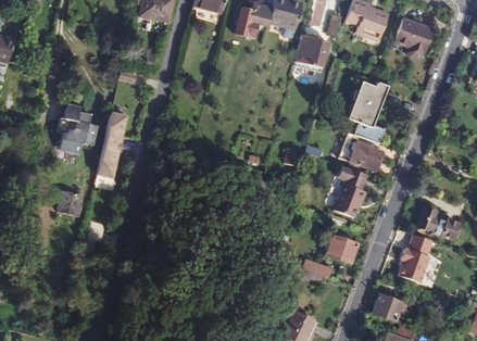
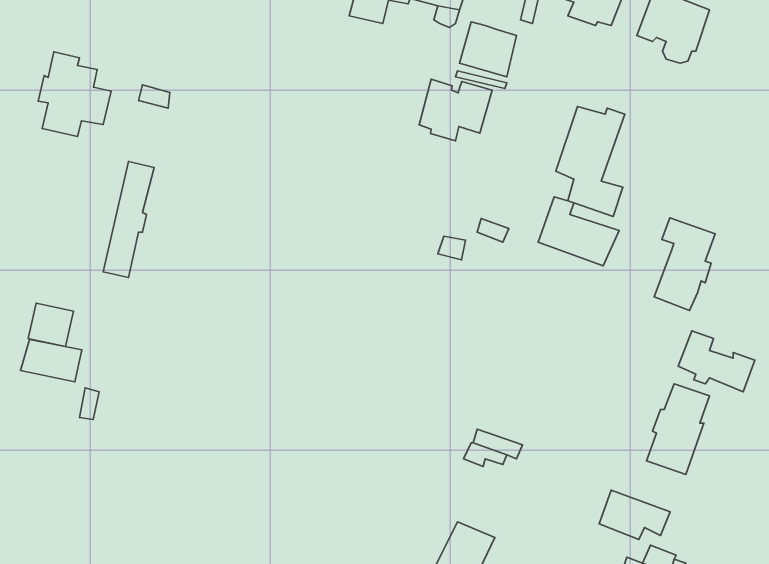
building: none -> [419,79,492,141]
building: [57,104,97,151] -> [38,52,111,136]
building: [332,166,366,217] -> [654,218,715,311]
building: none -> [21,339,82,382]
building: [323,235,356,263] -> none

